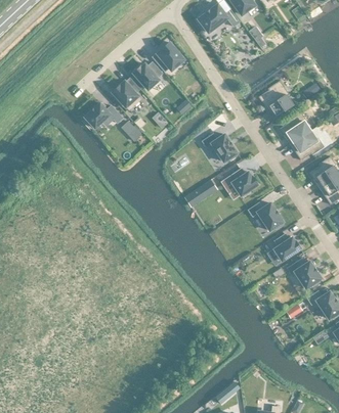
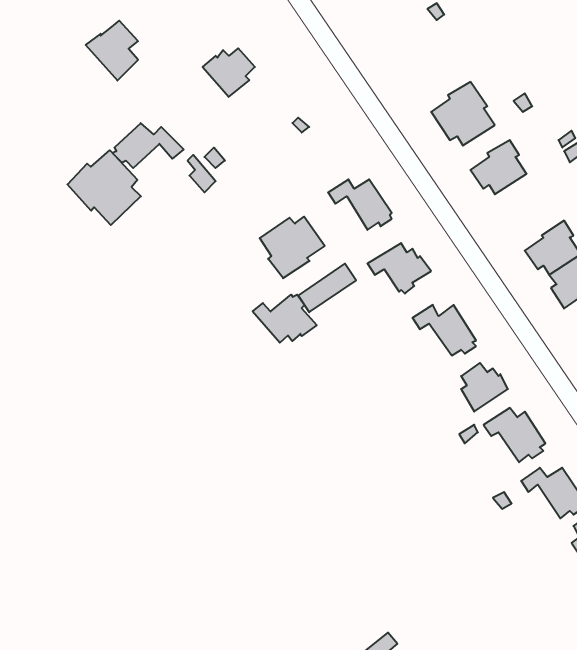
building: [155,42,183,72] -> none
building: [112,78,140,110] -> [86,21,138,81]
building: none -> [67,150,141,225]
building: [293,131,325,160] -> none
building: none -> [260,217,325,278]
building: none -> [253,295,317,343]

